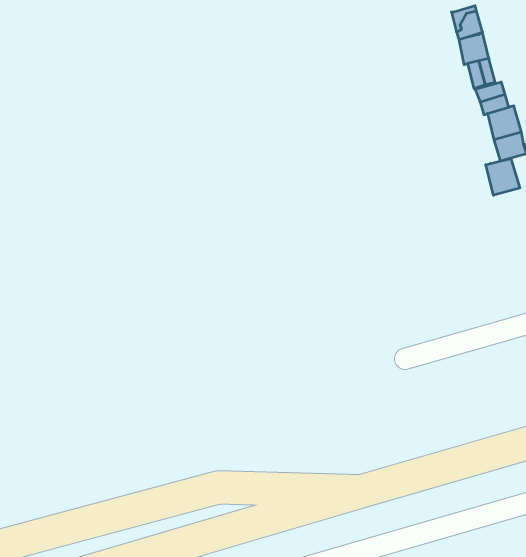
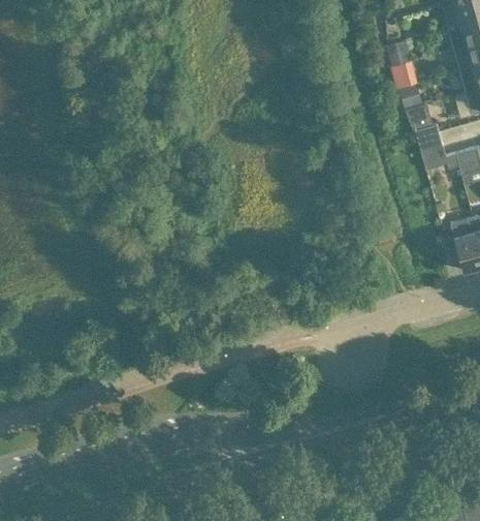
building: [486,158,520,195] -> none

